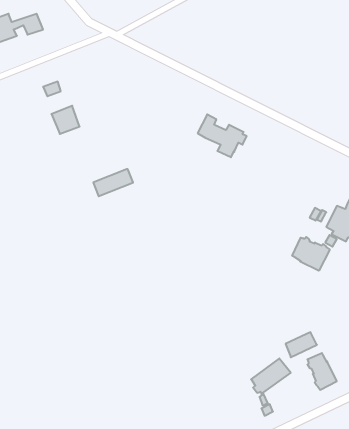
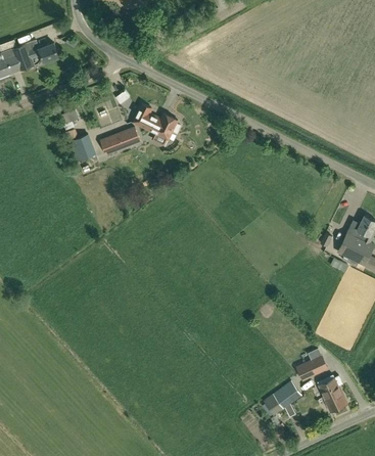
building: [198,114,247,157] -> [132,102,180,144]
building: [93,169,133,196] -> [100,127,139,153]
building: [292,237,330,271] -> none

